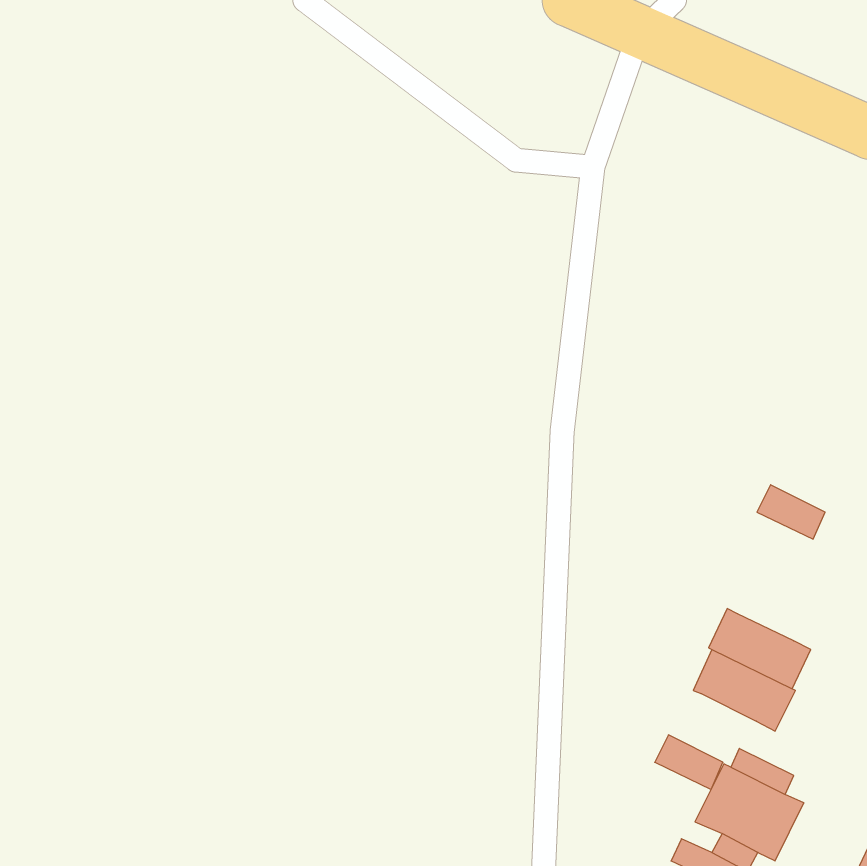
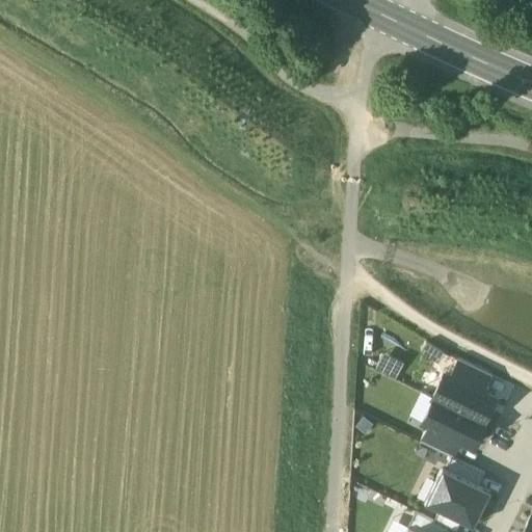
building: [757,485,825,539] -> [452,361,494,394]
building: [655,735,723,790] -> [422,426,463,459]

